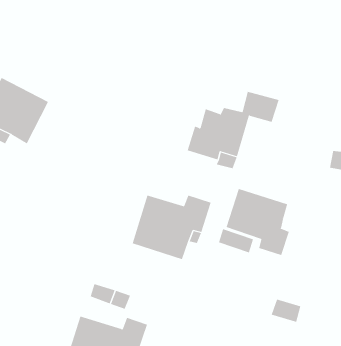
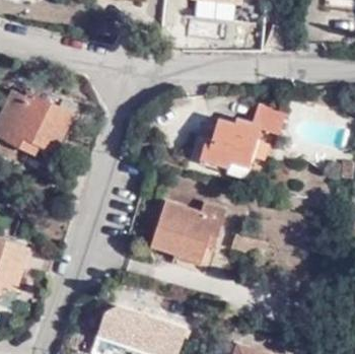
building: [226,188,289,256] -> none

